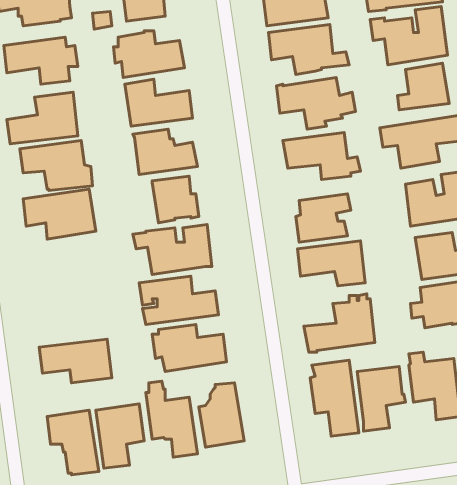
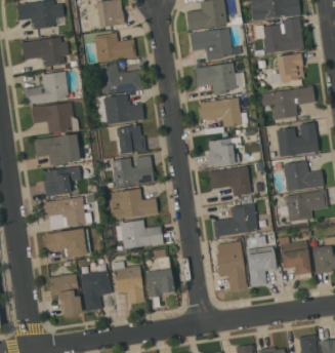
building: none -> [43,166,81,196]
building: none -> [43,197,86,229]

